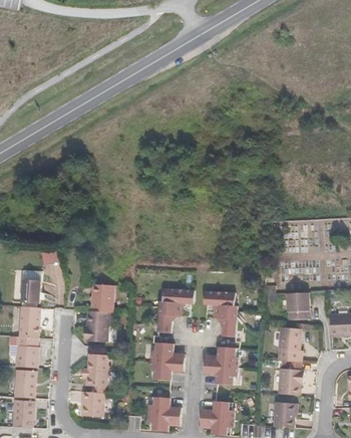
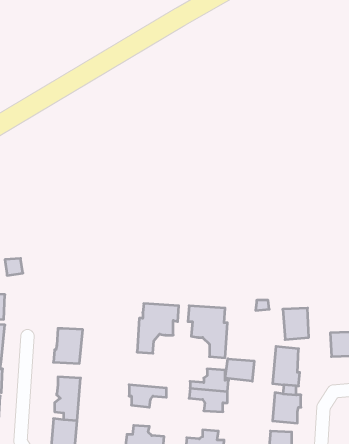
building: [91,283,113,311] -> none
building: none -> [225,359,254,381]
building: [150,342,185,364] -> none

